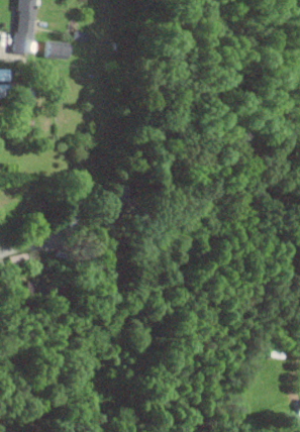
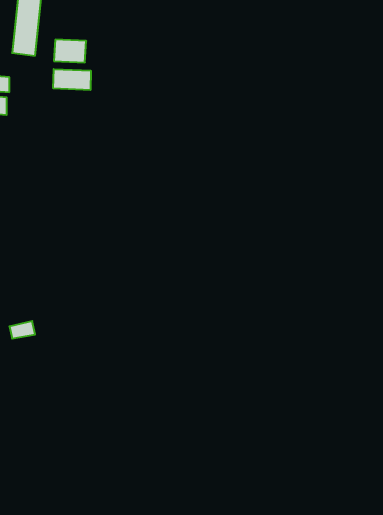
building: none -> [53,69,91,90]

